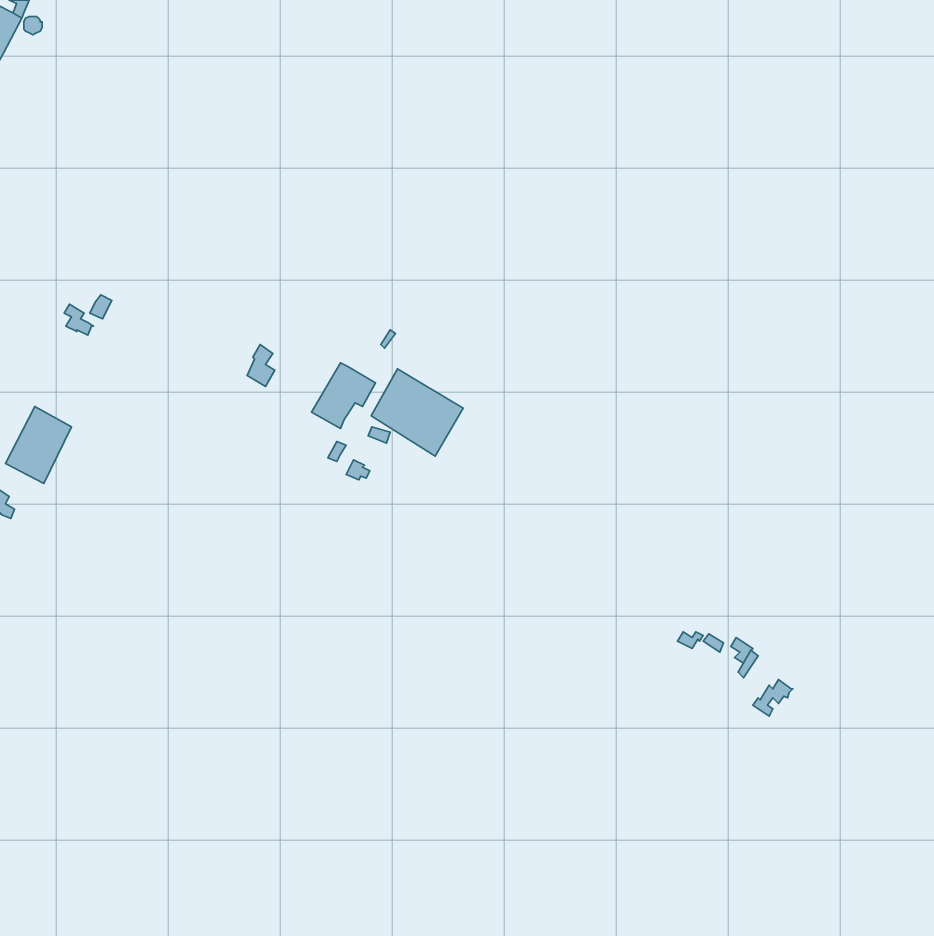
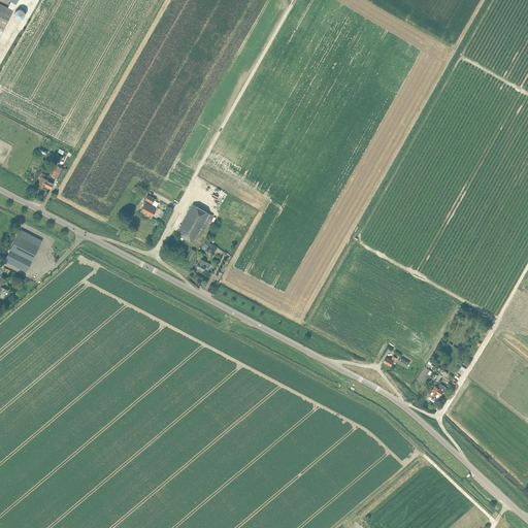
building: [371,369,463,456] -> none

